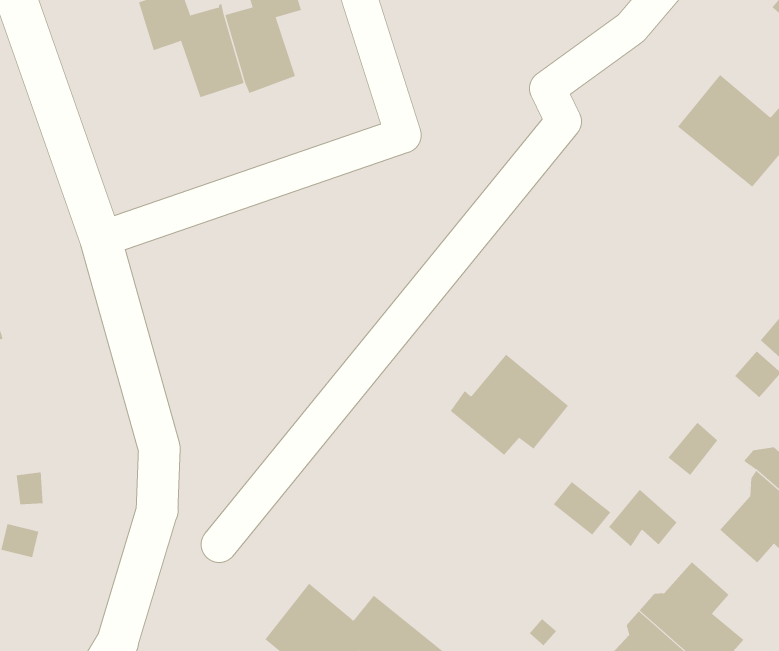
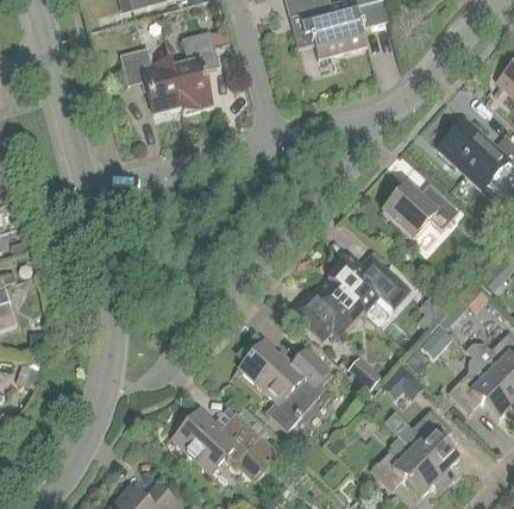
building: none -> [381,183,458,239]
building: none -> [327,254,409,313]
building: none -> [238,341,332,432]

